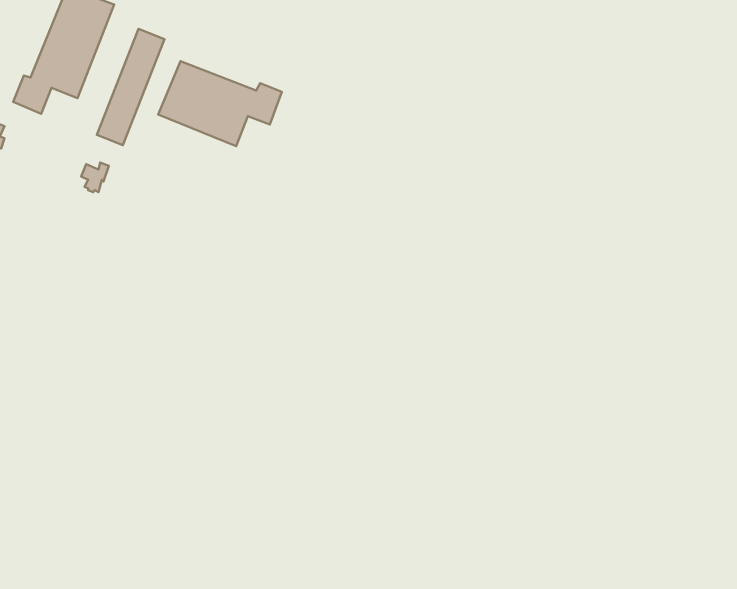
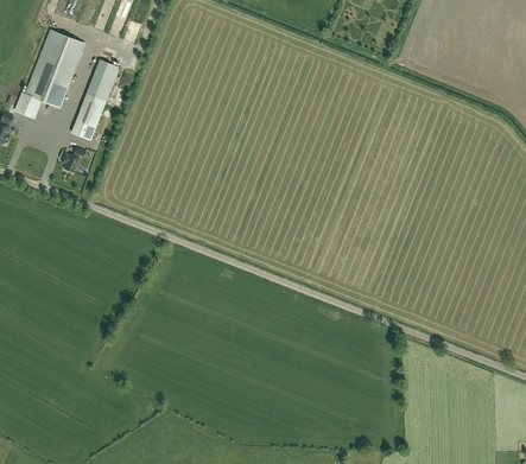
building: [158,61,282,146] -> none

